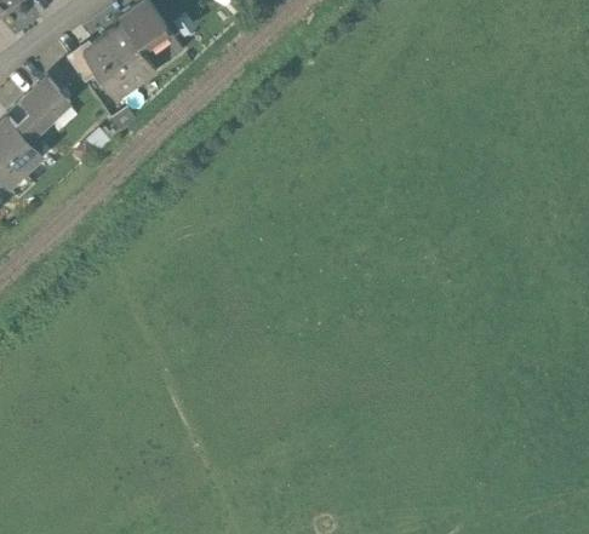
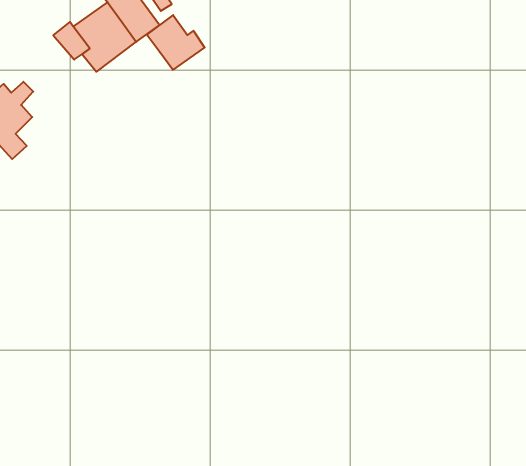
building: none -> [147,15,205,70]
building: [22,74,69,121] -> none

